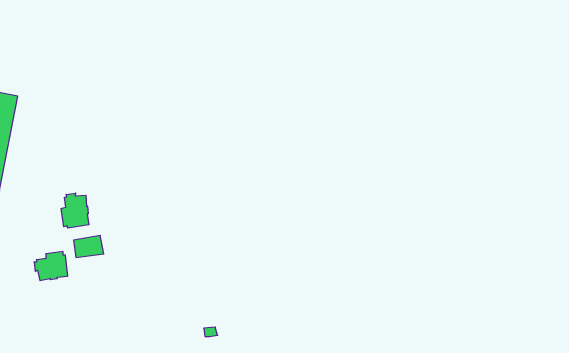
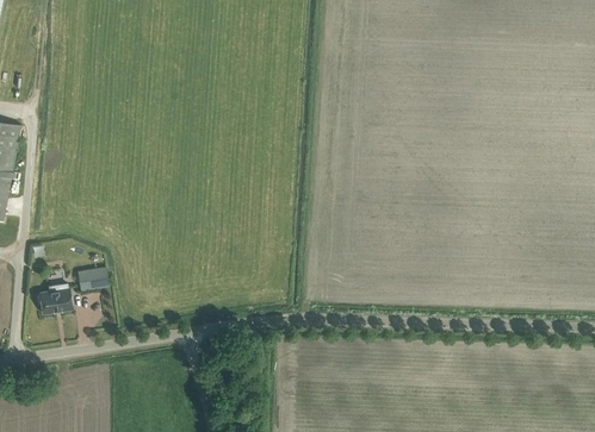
building: [61,193,89,228] -> none

